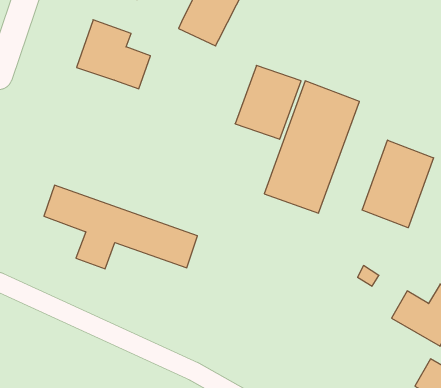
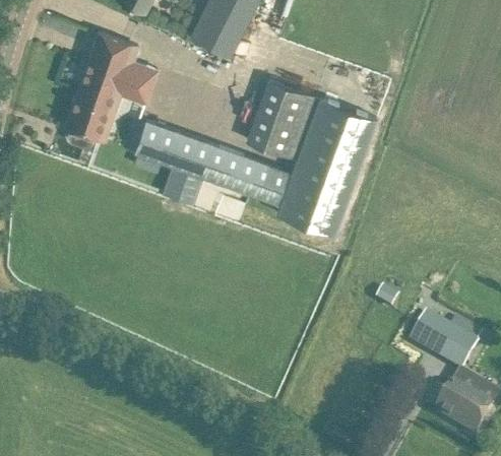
building: none -> [65,82,120,146]
building: [362,140,434,228] -> none
building: [44,185,197,269] -> [127,117,288,204]

